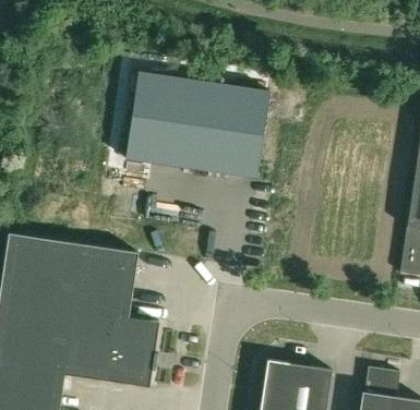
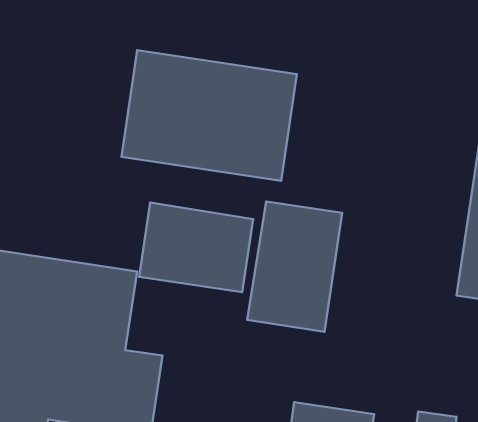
building: none -> [247,201,342,332]
building: none -> [139,202,253,292]

